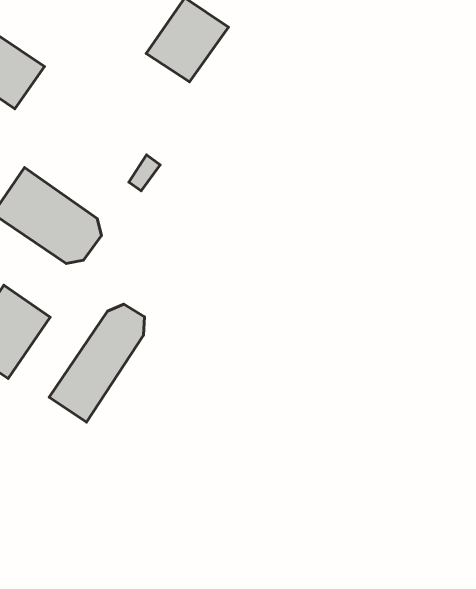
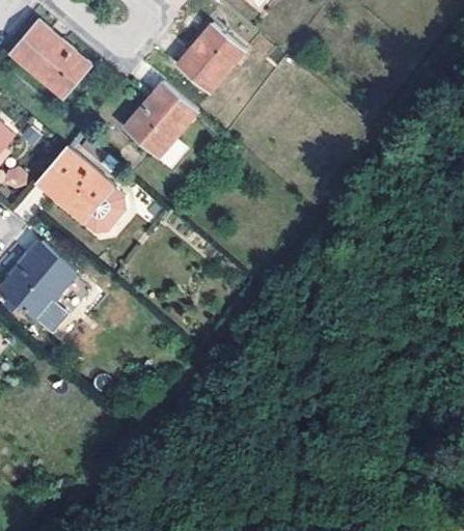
building: none -> [122,81,197,157]
building: [49,304,144,422] -> none

